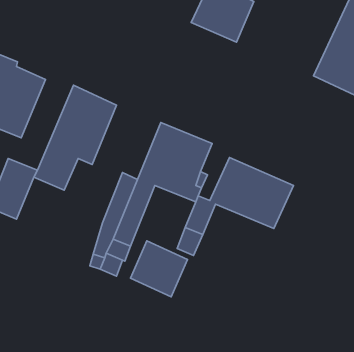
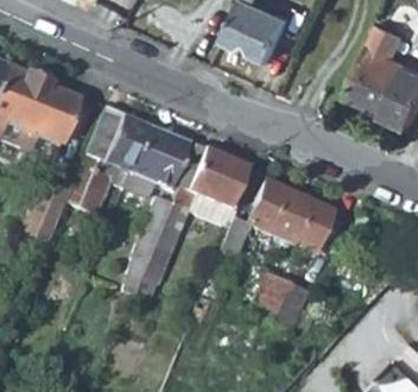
building: none -> [121,126,184,197]
building: [131,241,188,297] -> [246,272,304,329]

